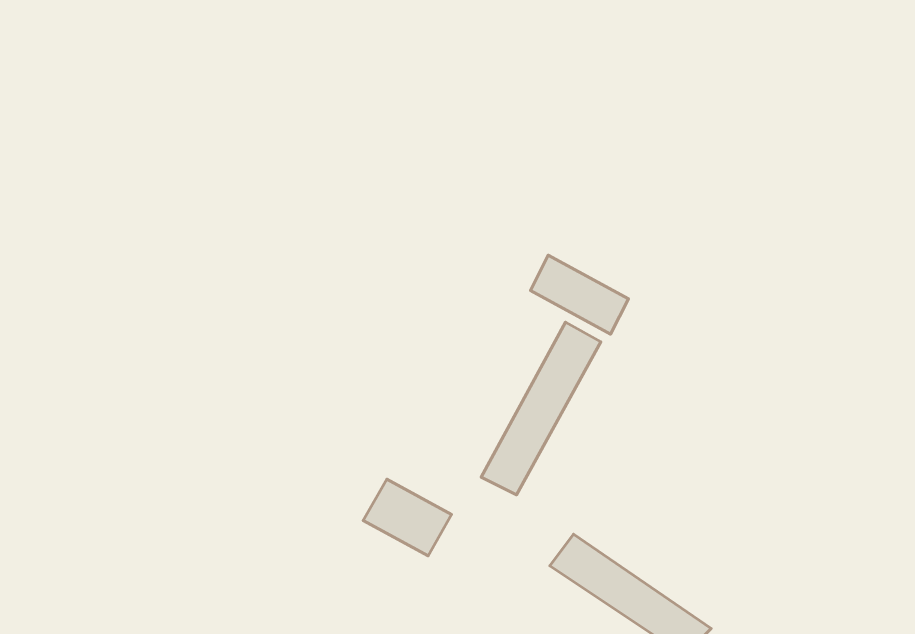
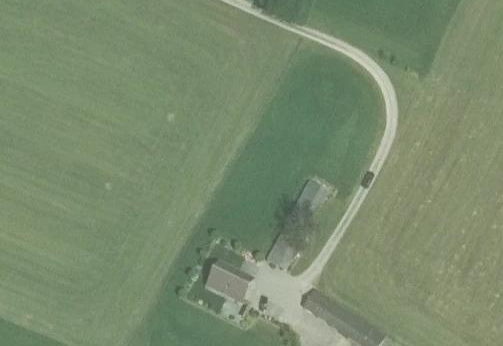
building: [530,255,628,334] -> none

